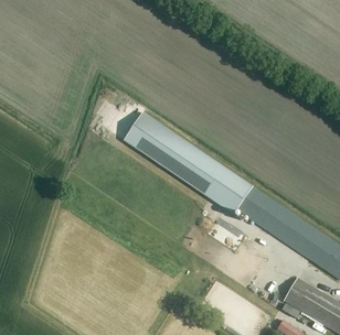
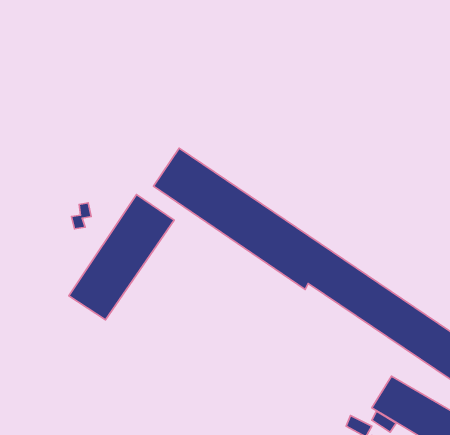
building: none -> [69,195,174,320]

